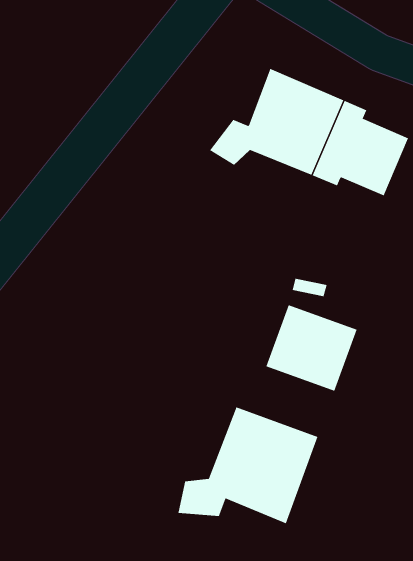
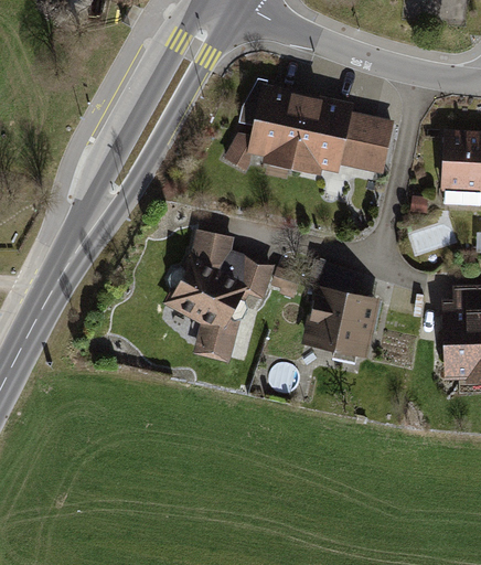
building: none -> [159,232,275,365]
building: [178,406,318,524] -> none

